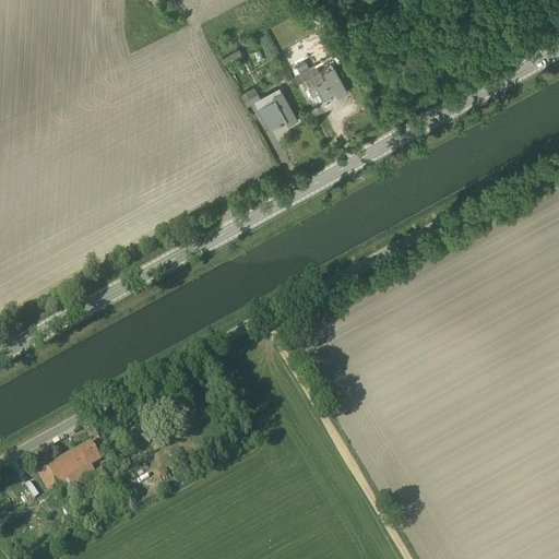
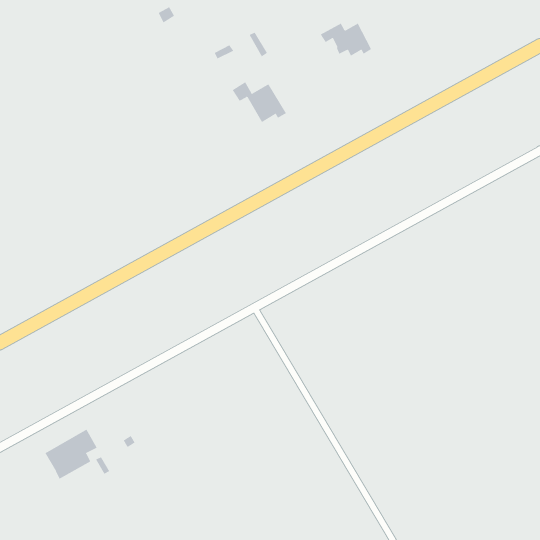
building: [292,62,345,97] -> [320,23,372,57]

